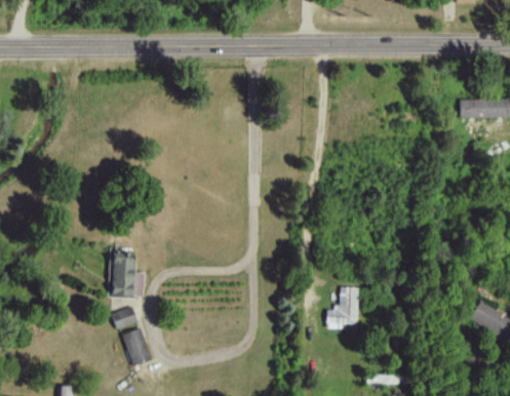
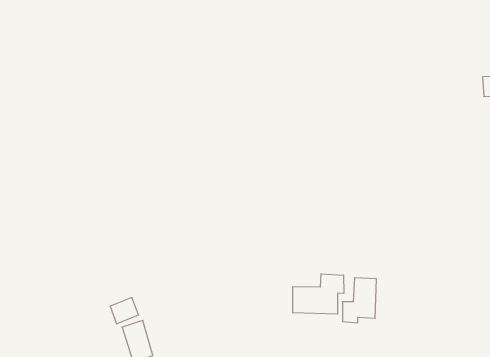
building: [111,251,143,296] -> none
building: none -> [293,274,344,314]

